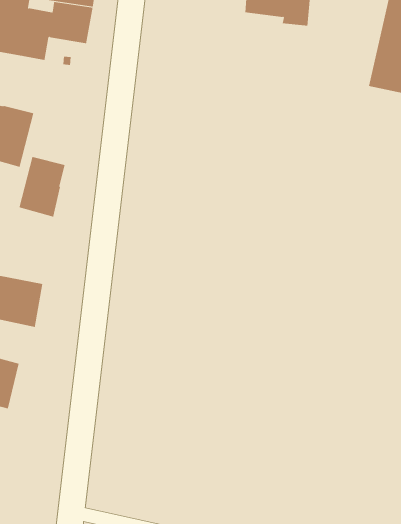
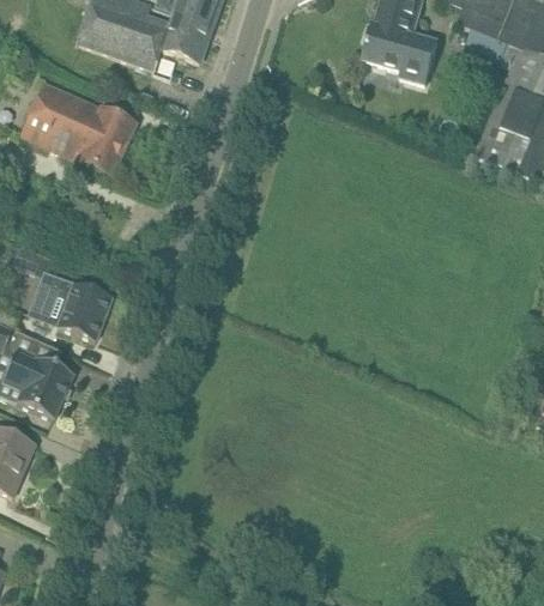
building: [19,156,65,217] -> none

